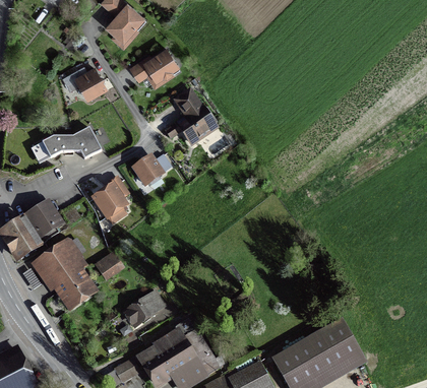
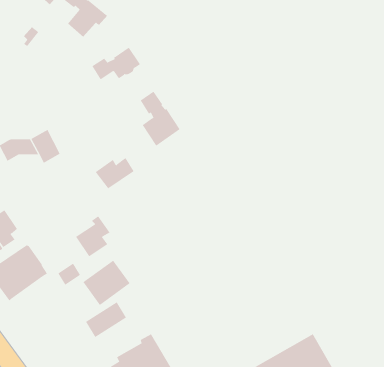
building: [76,69,105,99] -> none
building: [94,178,127,217] -> [75,215,110,257]
building: [54,268,100,312] -> [82,260,131,306]

